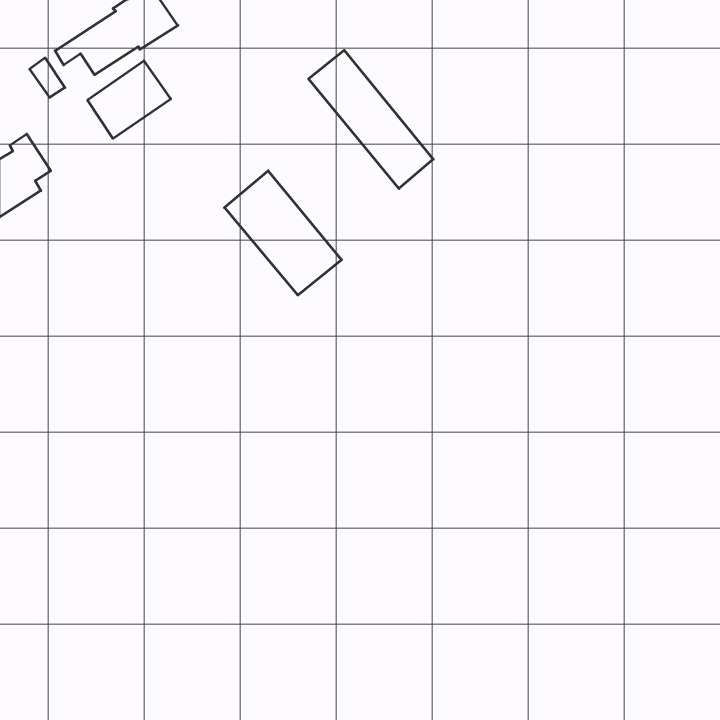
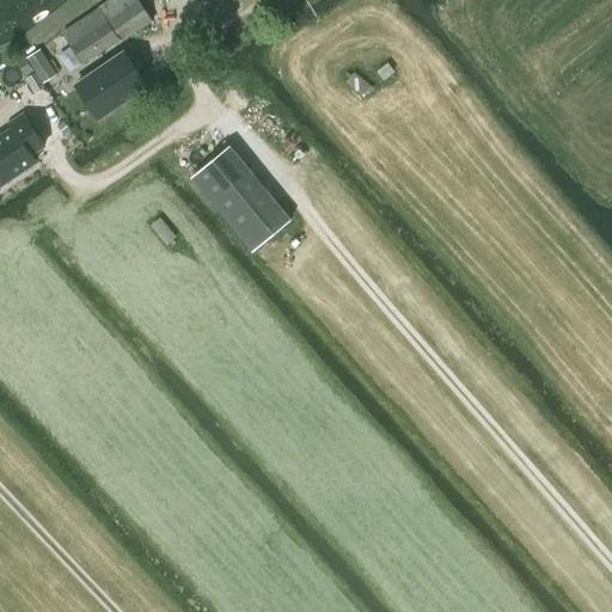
building: [309,50,433,189] -> none

